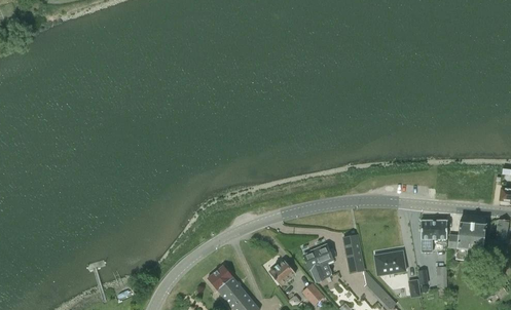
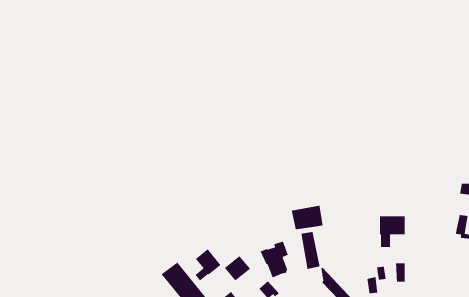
building: [447,222,484,259] -> none
building: [373,250,405,275] -> [291,205,323,230]
building: none -> [194,248,221,282]

